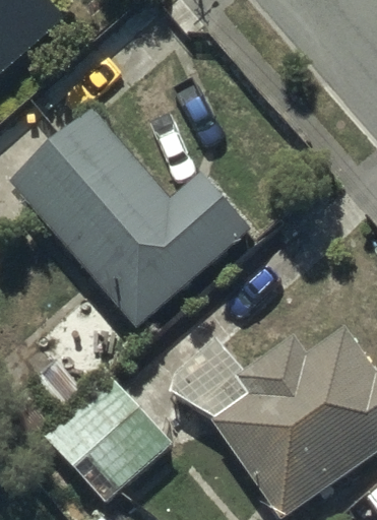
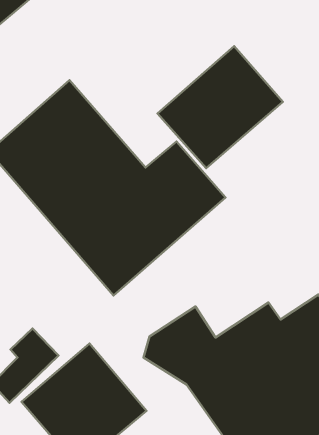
building: none -> [157,46,283,168]

